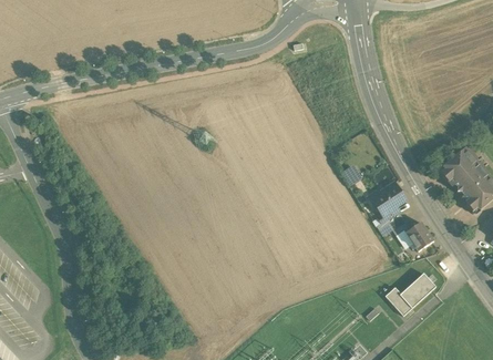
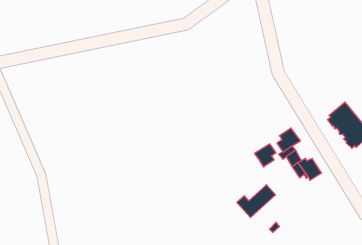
building: none -> [255,144,276,167]
building: [383,272,434,316] -> [237,185,276,218]

